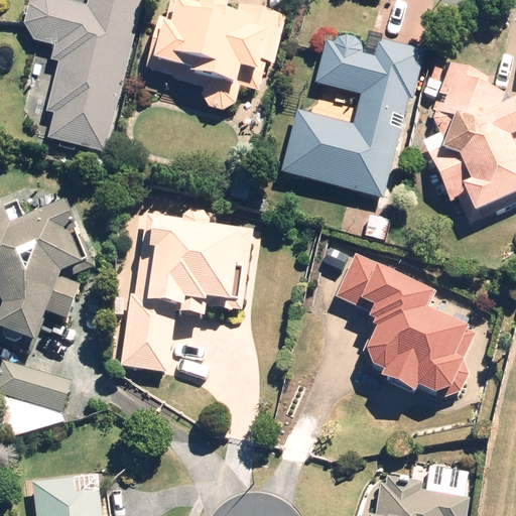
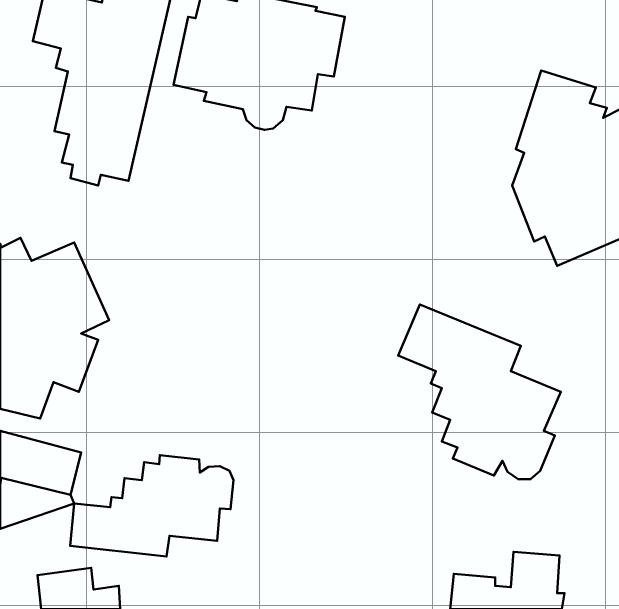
building: [280,33,422,198] -> none
building: [122,211,253,373] -> none
building: none -> [70,455,234,557]

